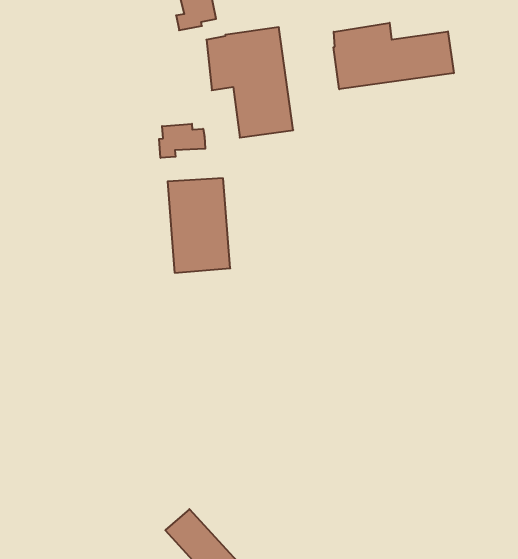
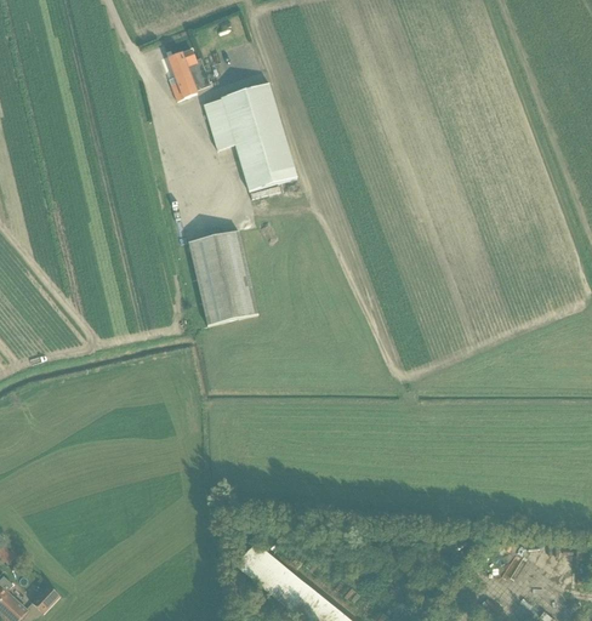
building: [333,23,454,89] -> none
building: [159,124,205,158] -> none

